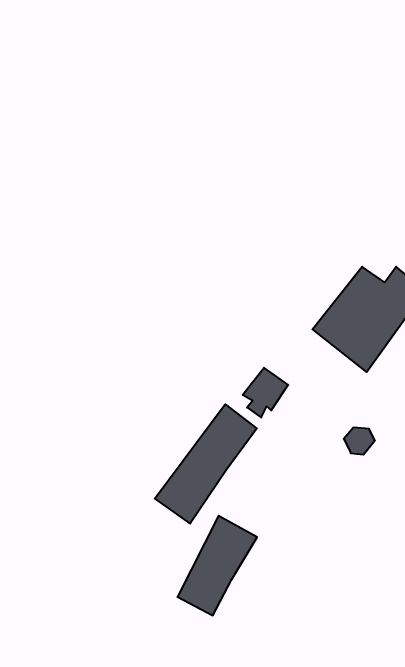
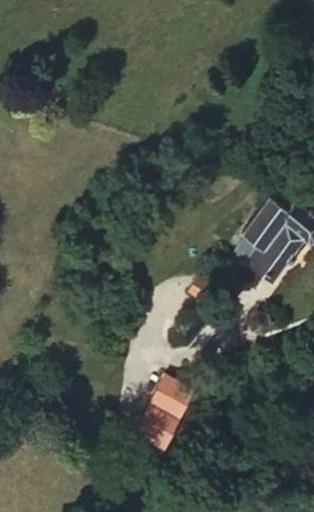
building: [155,404,257,524] -> none

